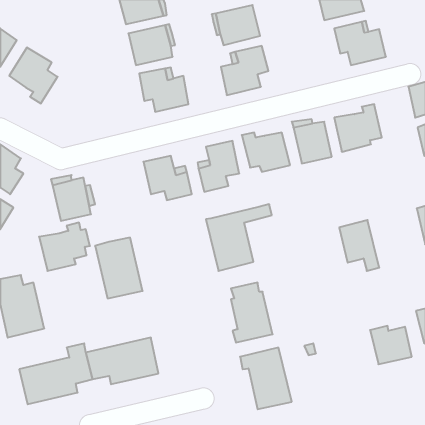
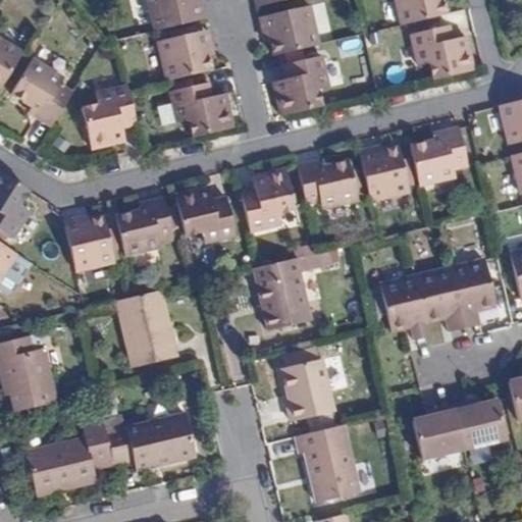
building: none -> [81,83,135,145]
building: none -> [451,261,497,327]
building: [39,223,90,271] -> [115,197,177,256]
building: none -> [380,278,429,340]
building: none -> [413,404,464,456]

